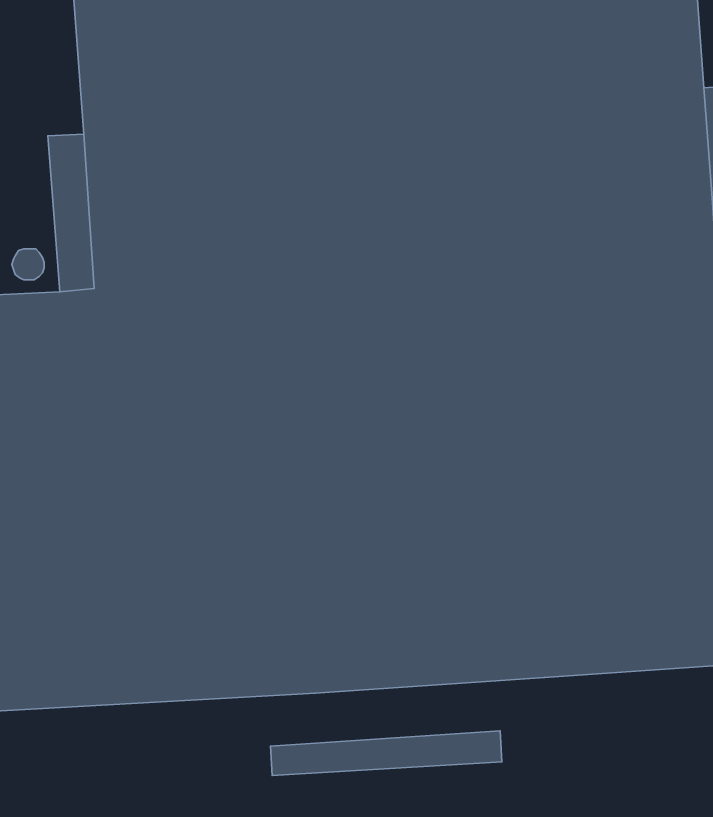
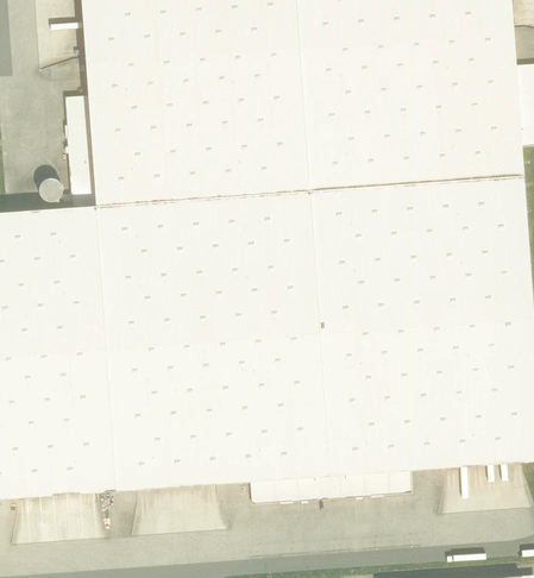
building: [270,731,502,775] -> [247,472,408,503]

